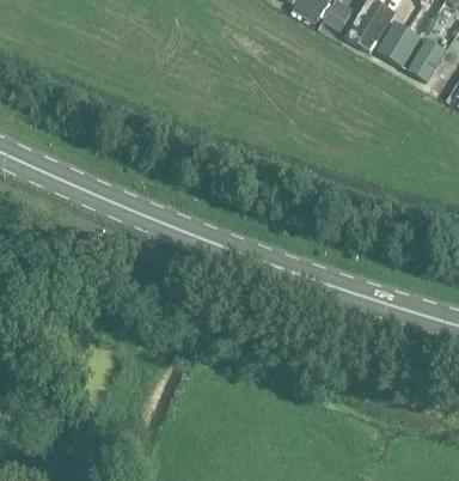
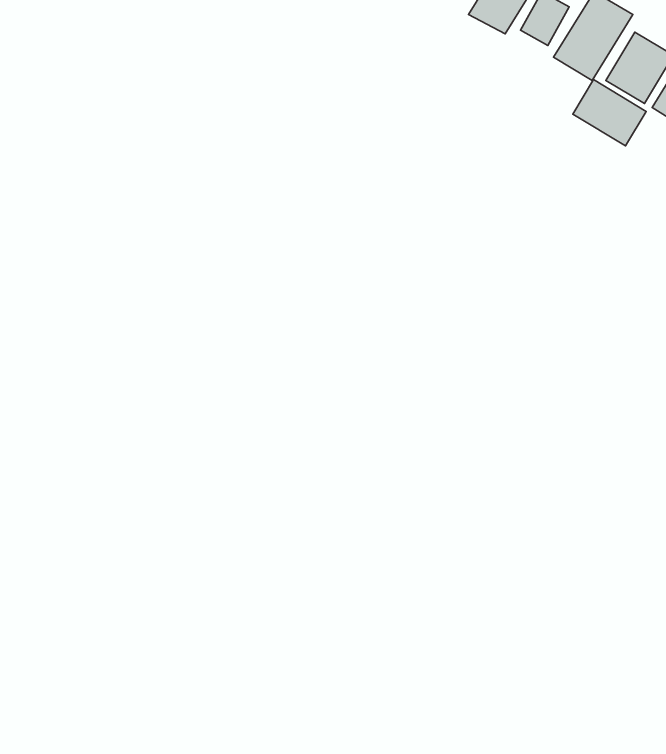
building: none -> [573,80,646,146]

